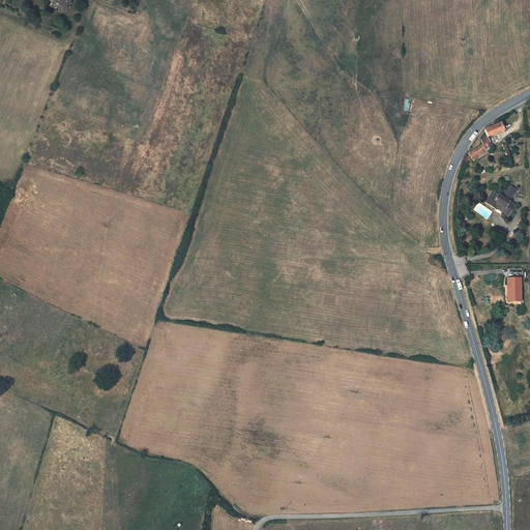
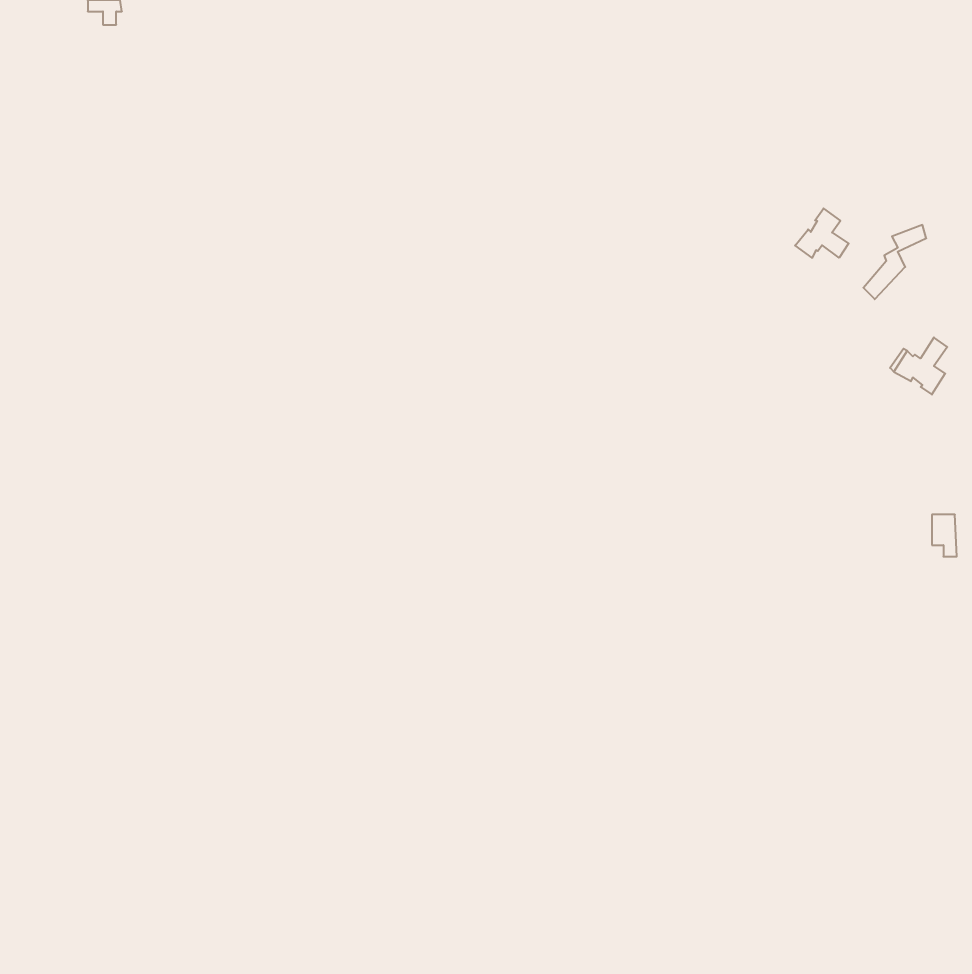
building: none -> [795,208,849,258]

